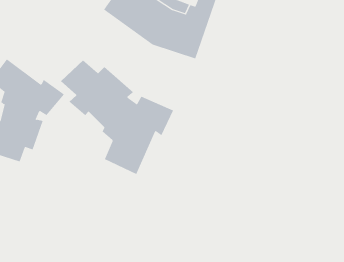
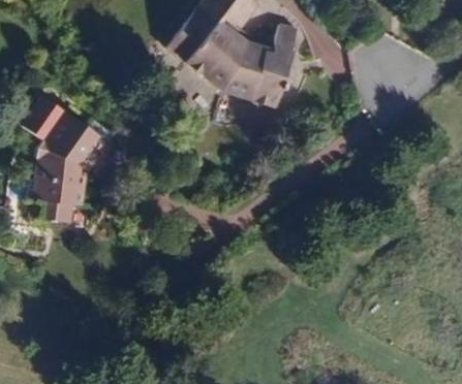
building: [60,60,174,175] -> none

